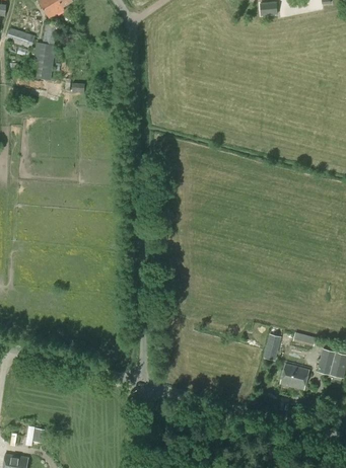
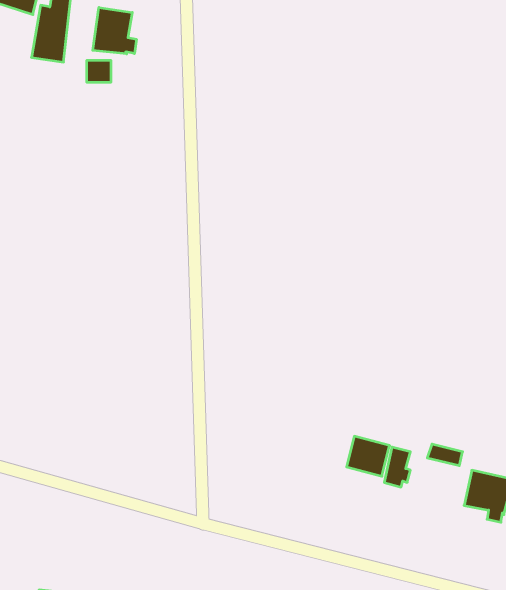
building: none -> [93,7,136,54]
building: [280,364,308,390] -> [347,436,390,476]

